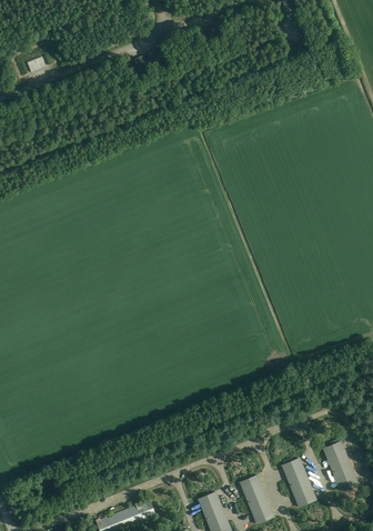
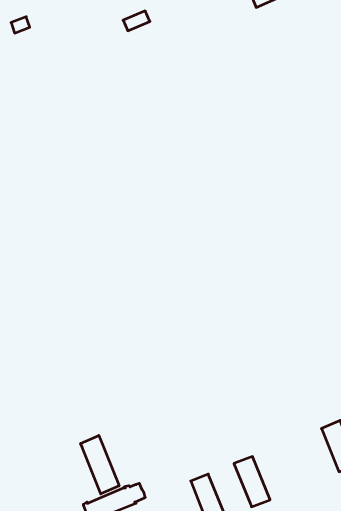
building: none -> [81,435,119,494]
building: [282,458,316,507] -> none

